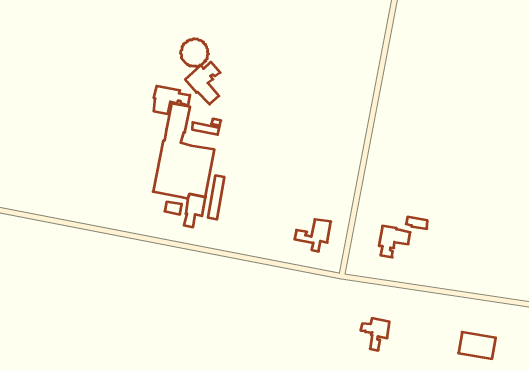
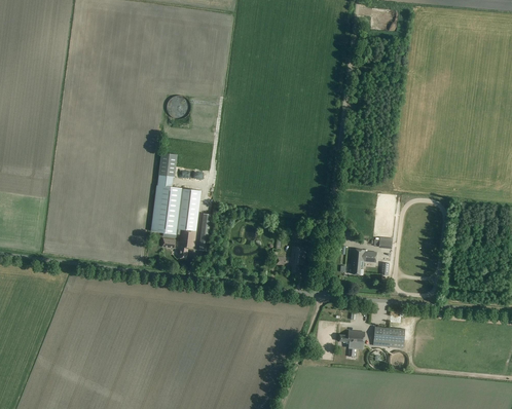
building: [185,62,220,104] -> none
building: [154,86,190,114] -> none
building: [458,332,496,359] -> [372,326,404,347]

